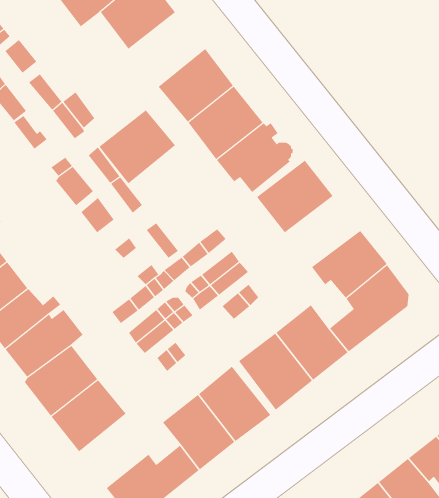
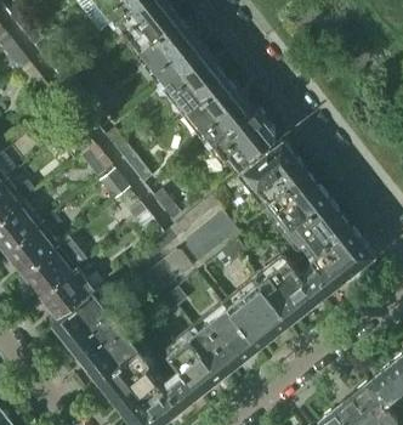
building: [98,109,176,184] -> [138,21,202,81]
building: none -> [266,170,328,228]
building: none -> [98,347,155,408]

